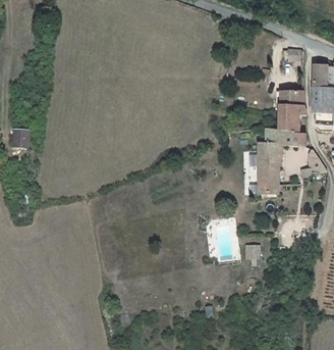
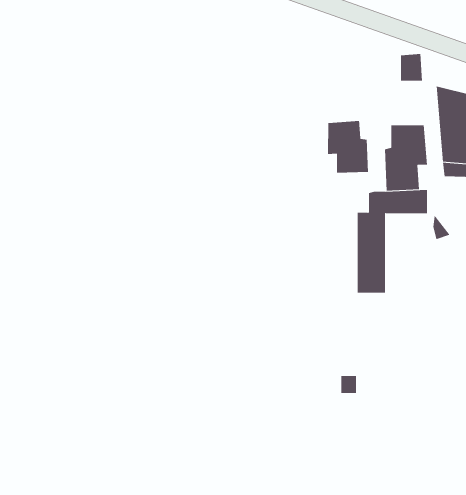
building: none -> [327,120,368,174]

